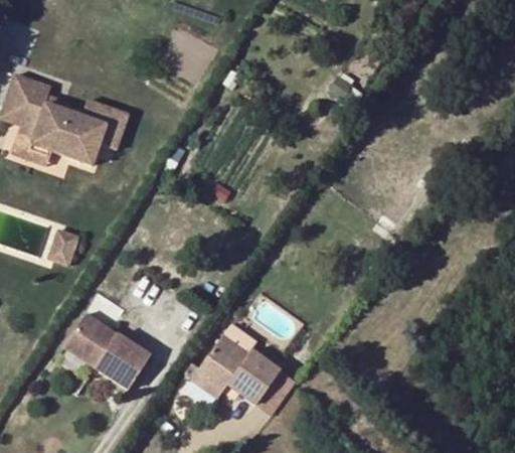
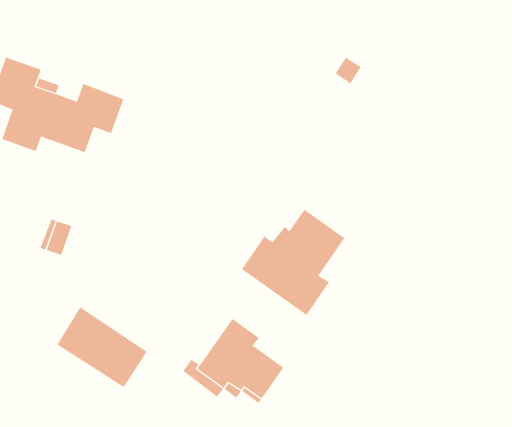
building: none -> [241,209,345,316]

